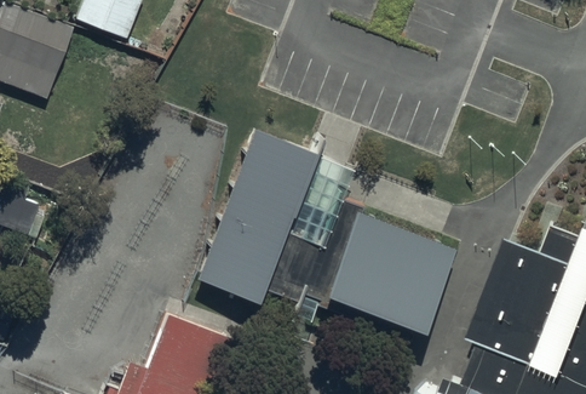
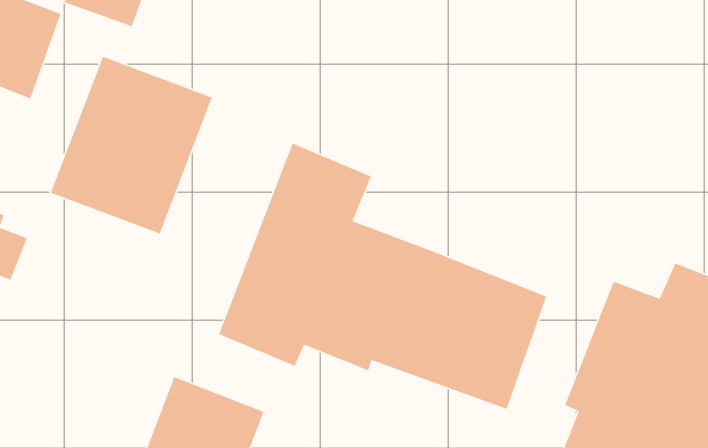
building: none -> [50,56,213,234]

